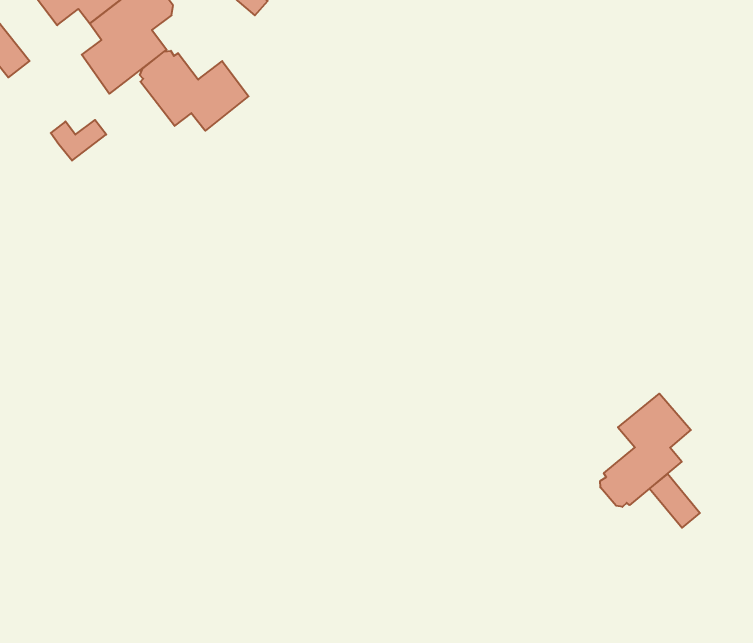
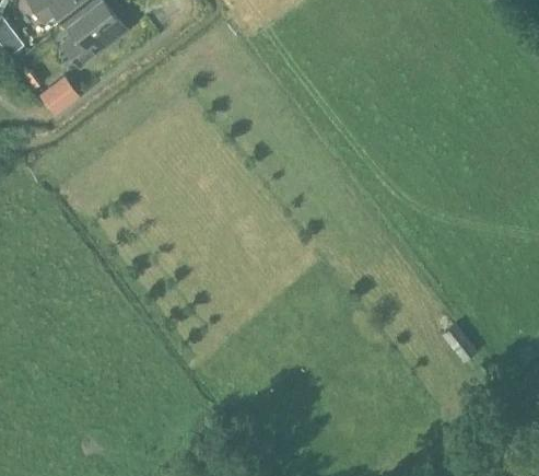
building: [140,51,249,131] -> none
building: [600,394,691,507] -> none

